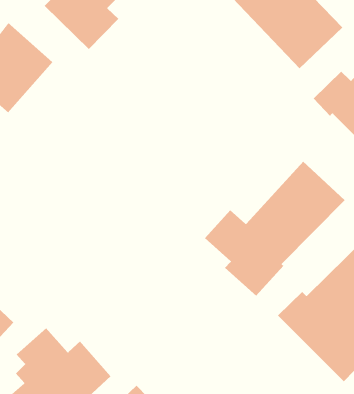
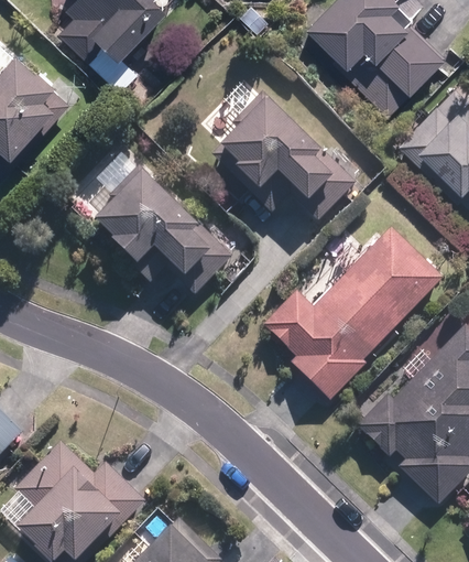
building: none -> [216,93,356,217]
building: none -> [94,163,231,292]

